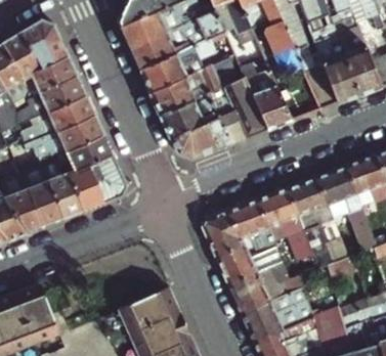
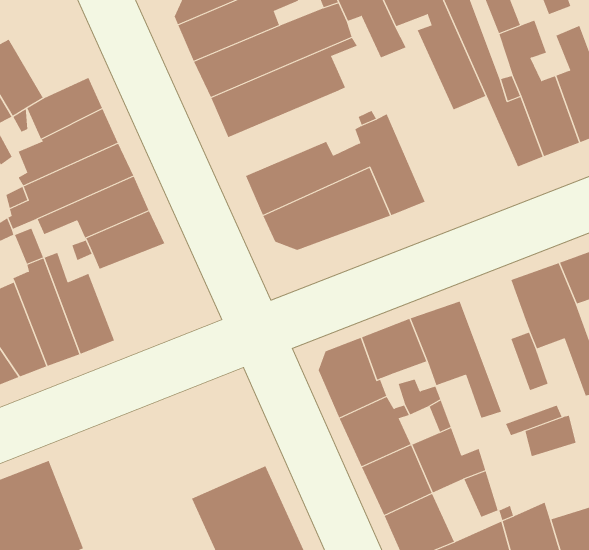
building: [20,20,68,69] -> none
building: [240,57,292,130] -> none
building: [149,64,224,115] -> none
building: [68,154,126,212] -> none
building: [287,176,326,213] -> none

